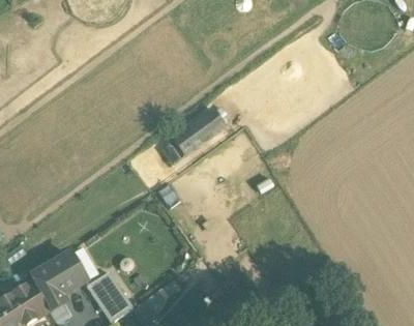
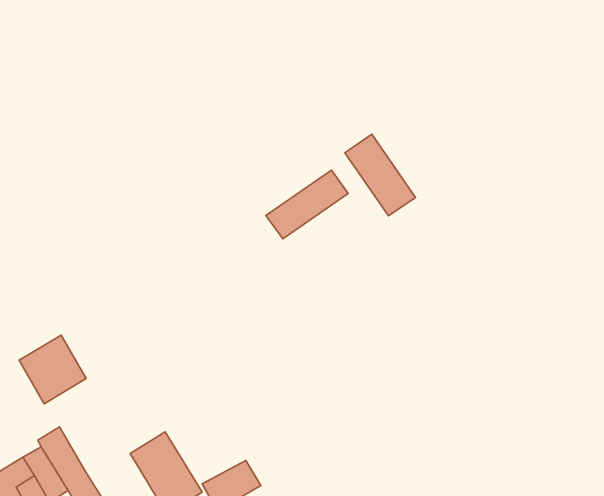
building: none -> [345,134,416,216]
building: [45,254,86,296] -> [19,335,86,404]

